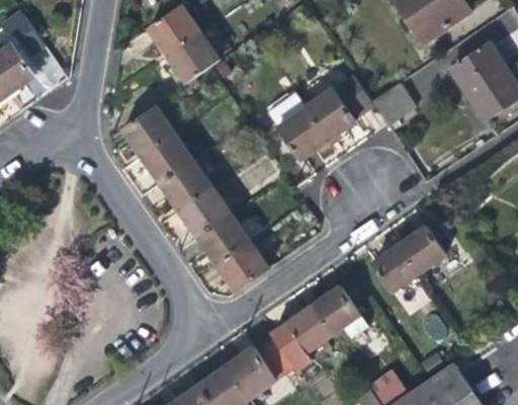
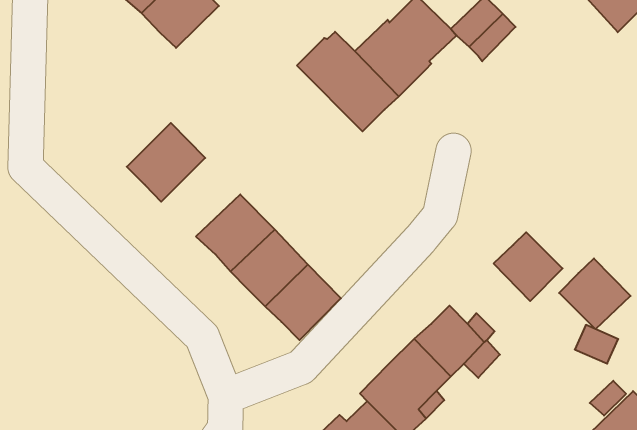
building: [120,103,174,155] -> none
building: [159,158,212,210] -> none
building: [400,225,447,272] -> [559,258,631,329]

